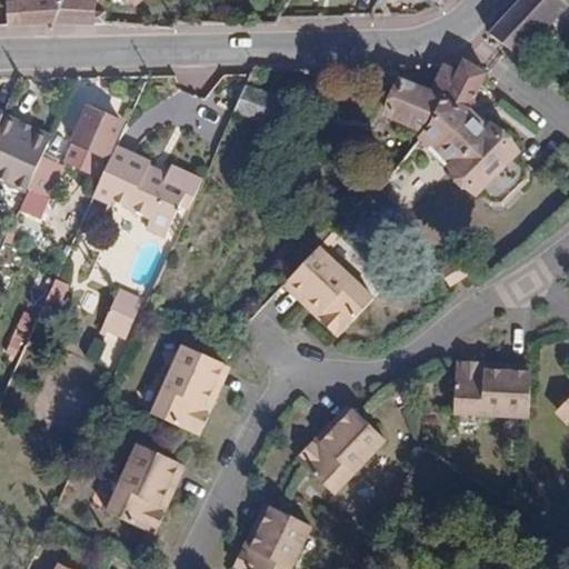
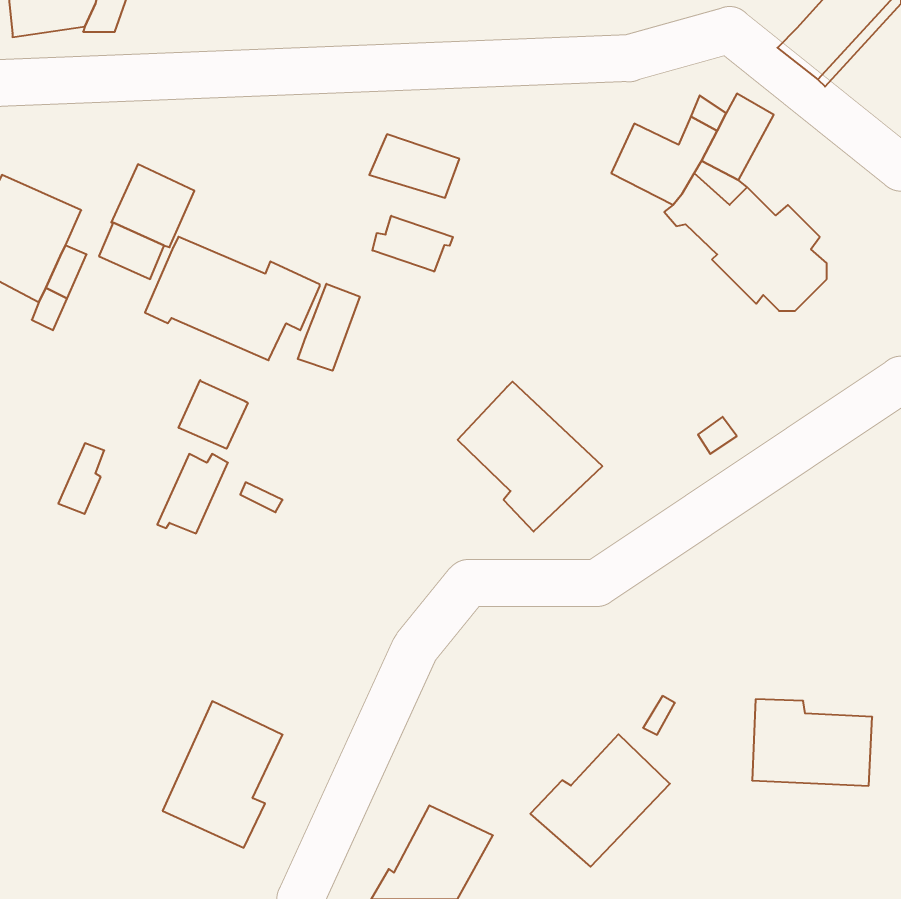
building: none -> [372,216,453,272]
building: none -> [298,284,360,371]
building: none -> [179,380,248,449]
building: [147,342,222,433] -> none
building: [455,363,530,418] -> [752,699,872,786]
building: [296,410,383,493] -> [530,734,670,867]

